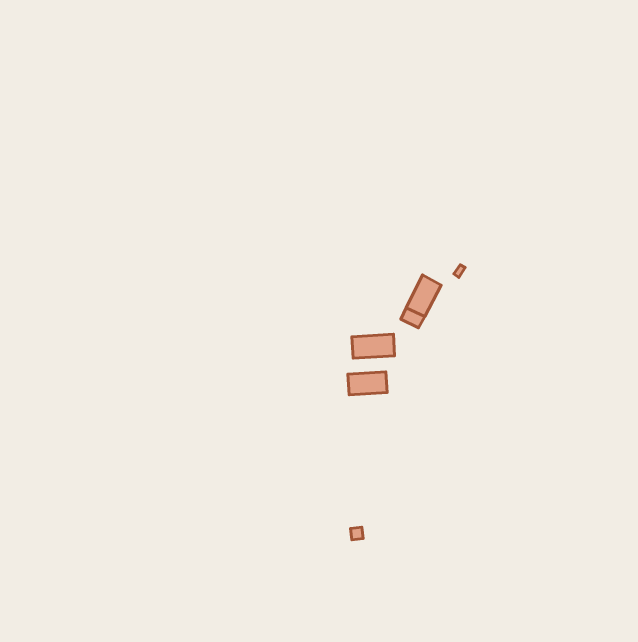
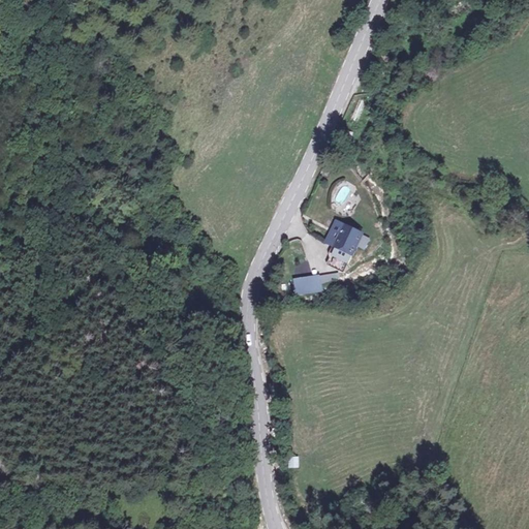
building: [348,372,387,395] -> none

